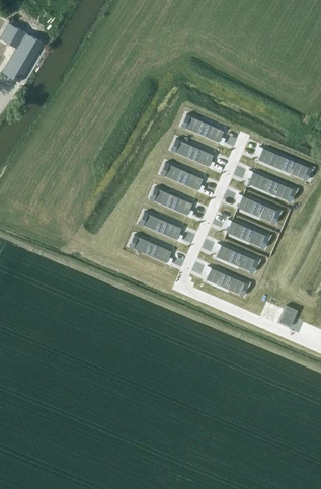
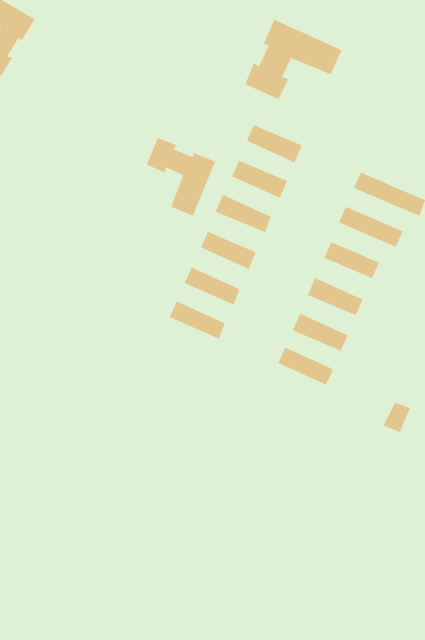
building: none -> [244,19,342,100]
building: none -> [146,137,216,216]

